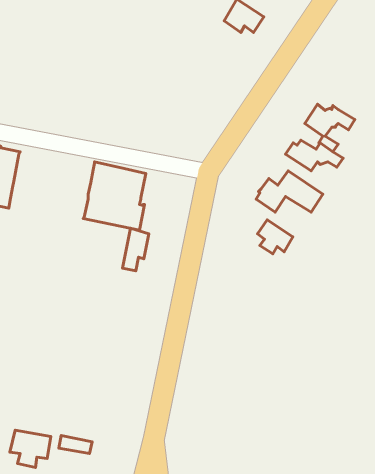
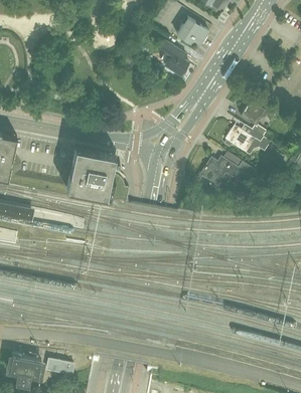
building: none -> [160,43,188,76]
building: [258,220,293,254] -> none
building: [122,228,149,271] -> none

